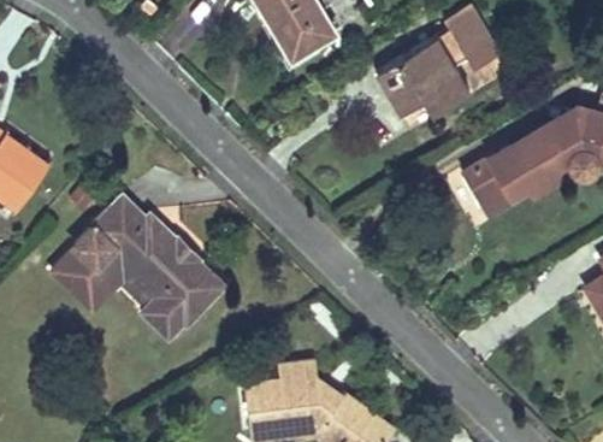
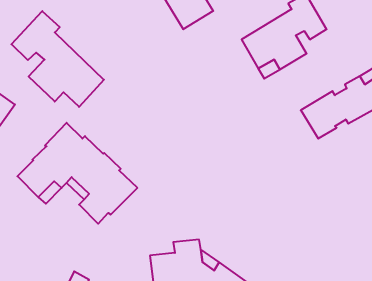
building: none -> [11,11,104,107]

